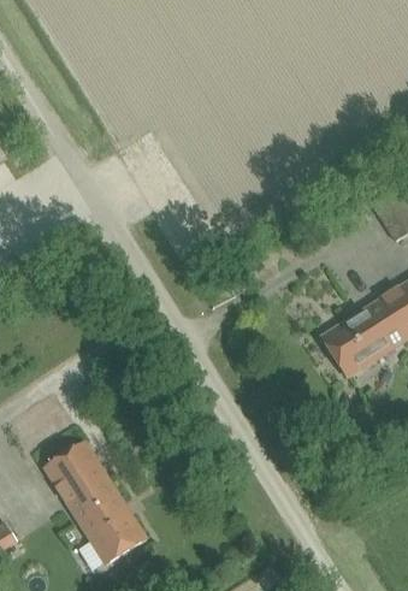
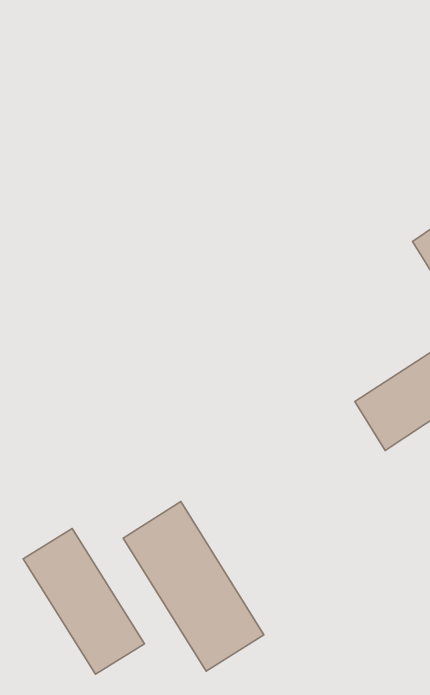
building: none -> [123,502,264,671]

